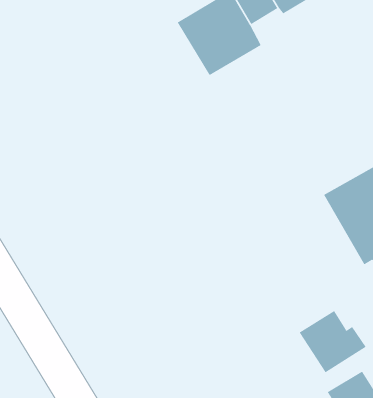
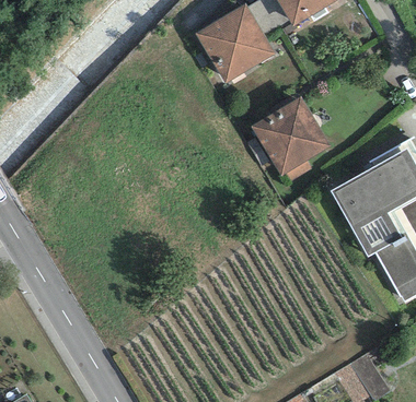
building: none -> [252,96,332,175]
building: [299,310,367,373] -> none

